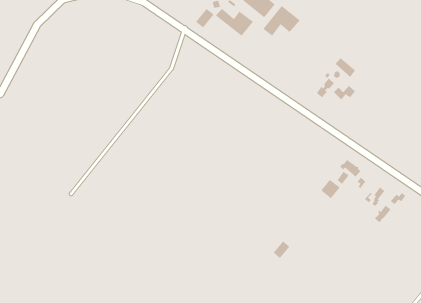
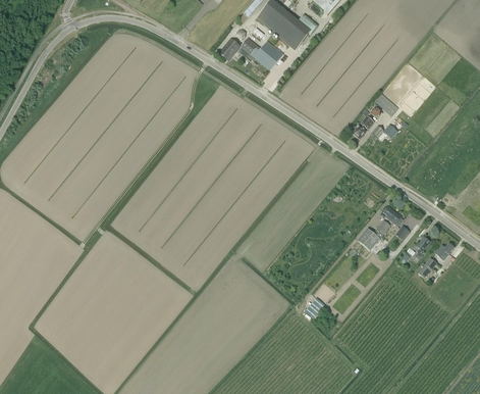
building: [262,5,301,37] -> none

